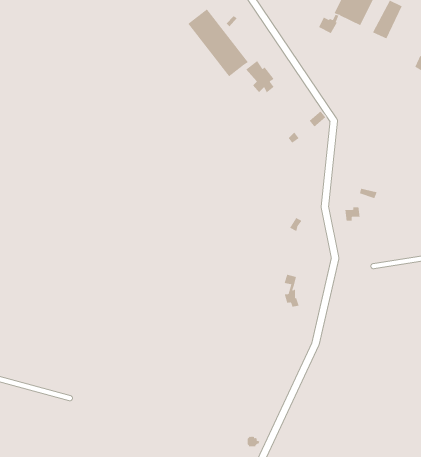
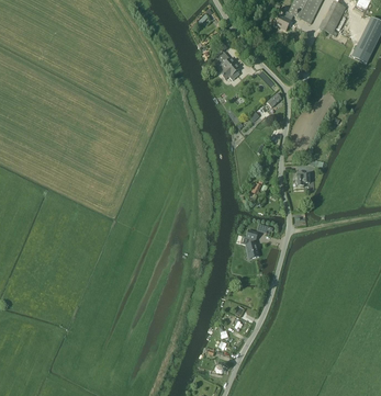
building: [187,8,249,77] -> none

